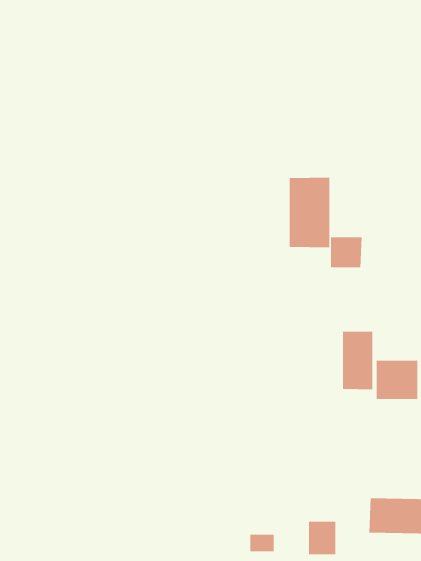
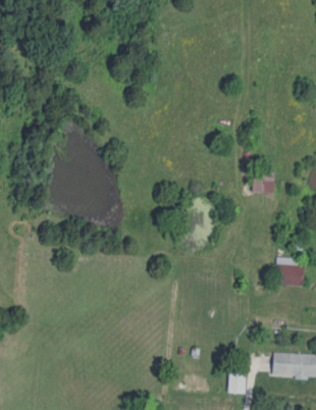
building: [289,177,330,248] -> none
building: [342,331,373,390] -> none

